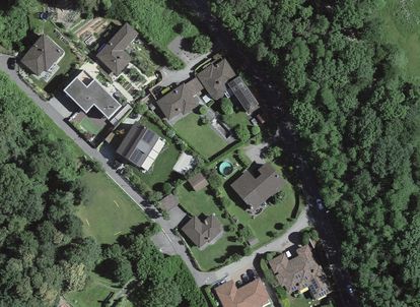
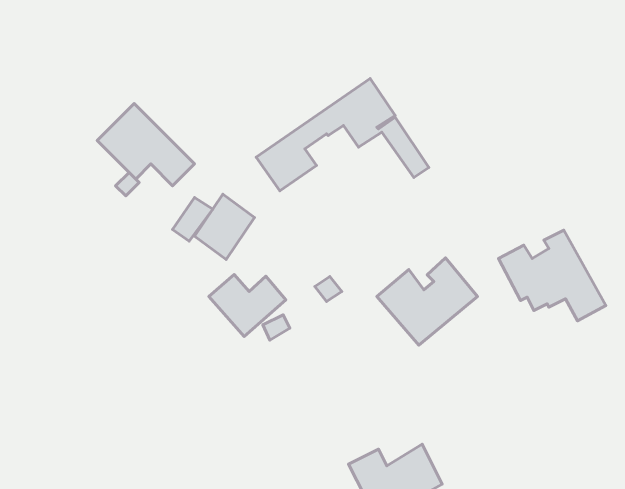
building: [95,20,141,75] -> none
building: [21,36,63,76] -> none
building: [181,214,227,252] -> [209,275,286,337]
building: [267,243,332,298] -> [499,230,606,321]

